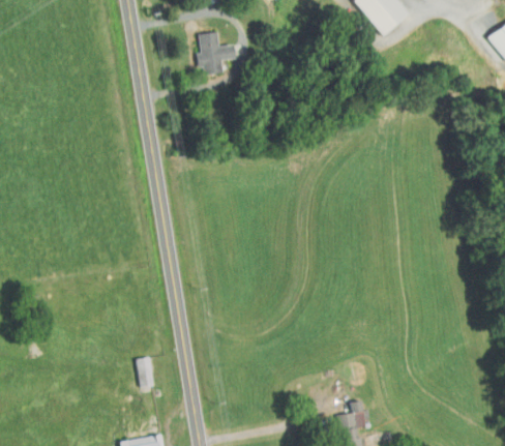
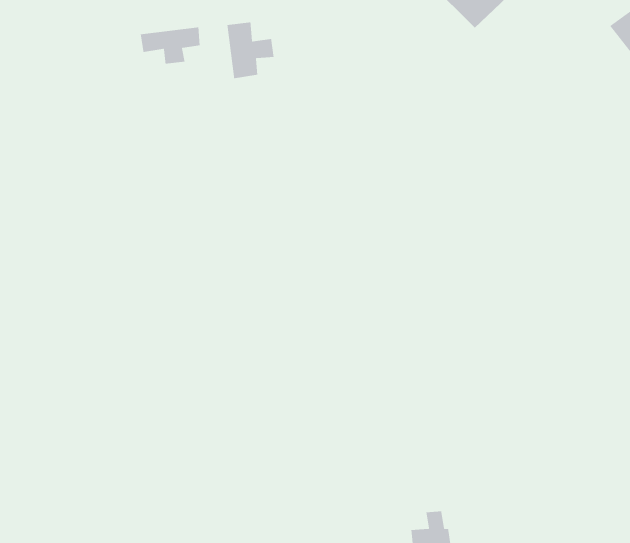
building: none -> [140,26,200,65]
building: [137,357,155,388] -> none

